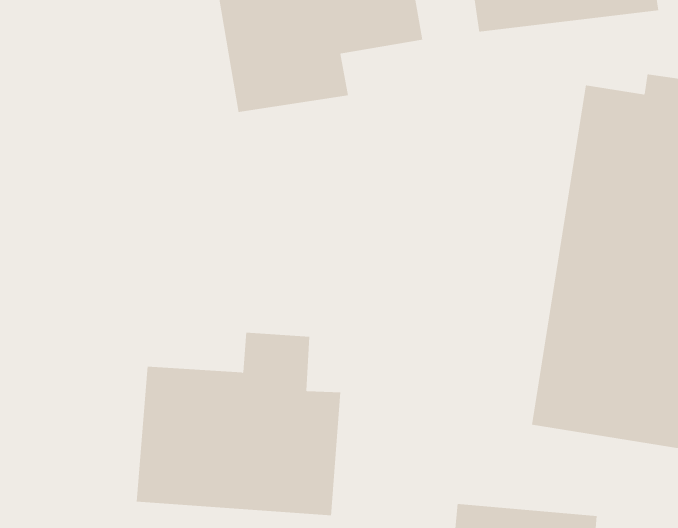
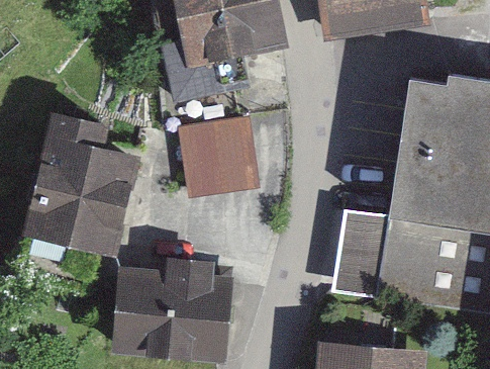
building: none -> [50,108,153,246]
building: none -> [181,115,258,198]

